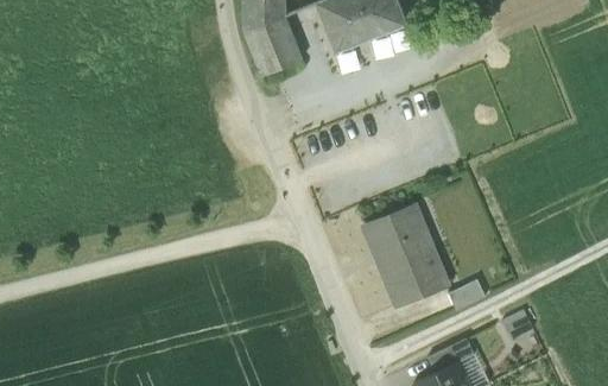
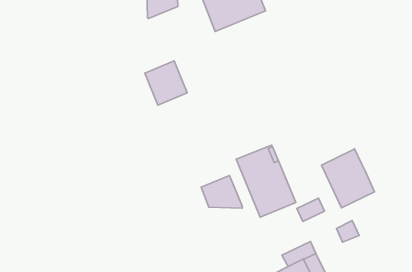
building: [243,17,302,77] -> [145,61,187,105]
building: none -> [321,149,374,208]
building: none -> [201,175,242,208]

